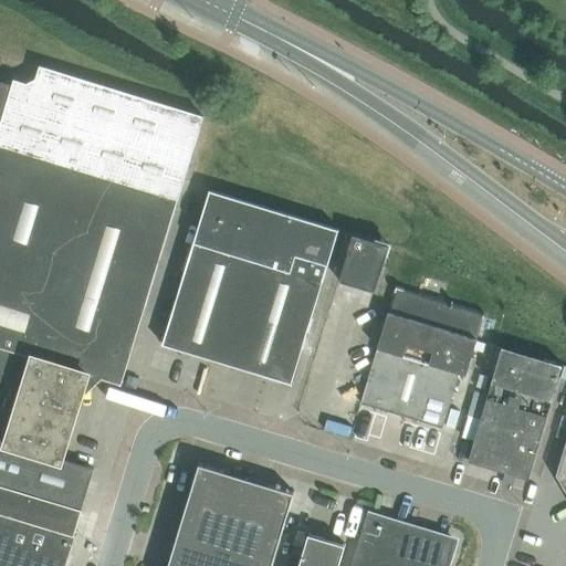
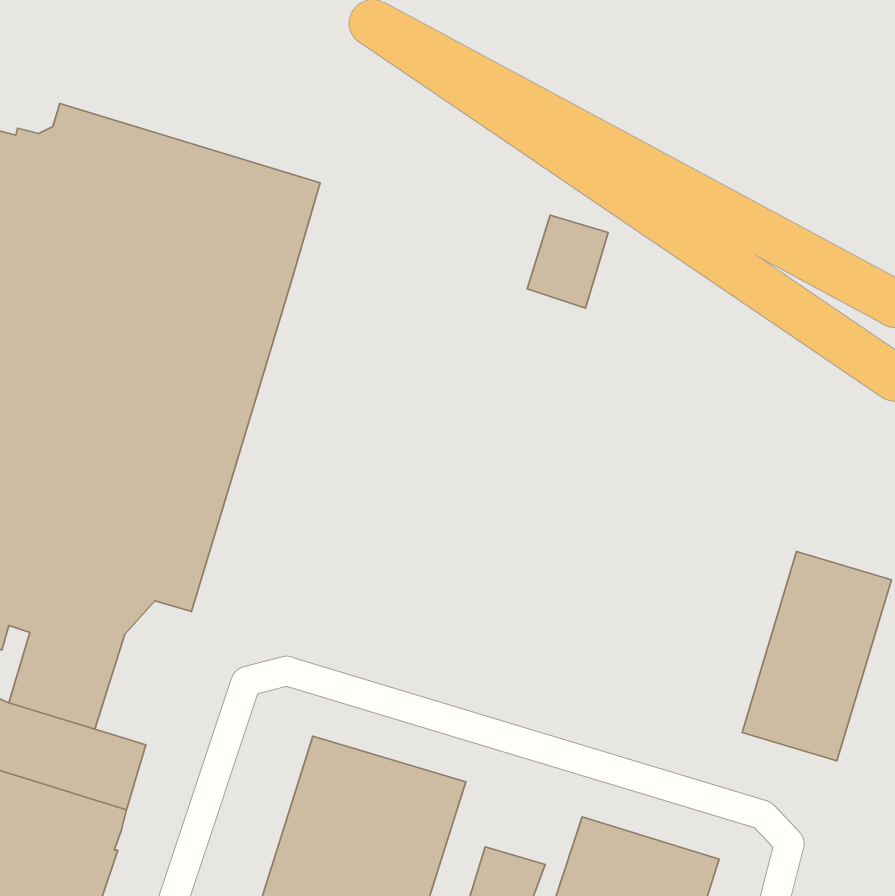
building: [161,191,337,385] -> none
building: [337,234,388,293] -> [527,215,608,308]
building: [355,287,482,442] -> none

